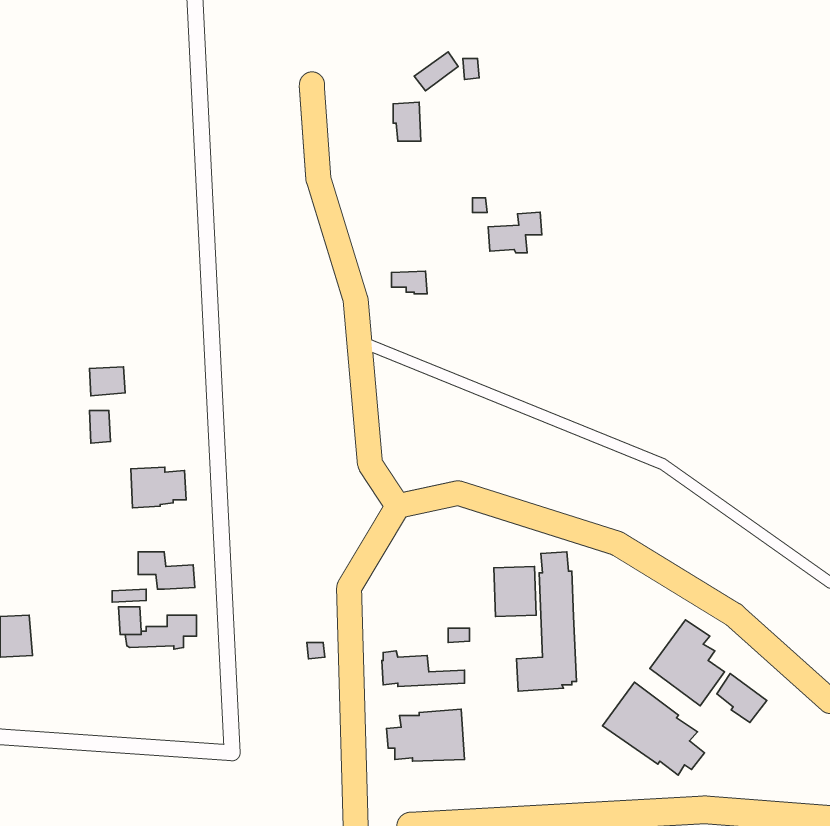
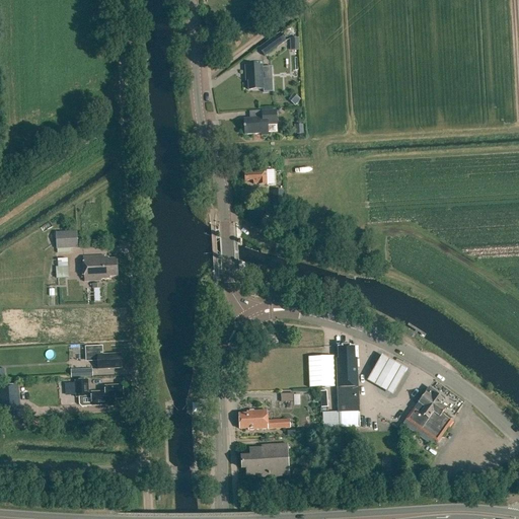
building: [488,212,542,253] -> [243,108,277,134]
building: [131,467,186,508] -> [83,254,118,280]
building: none -> [366,350,406,390]
building: [717,674,767,722] -> none
building: [603,682,704,775] -> none

